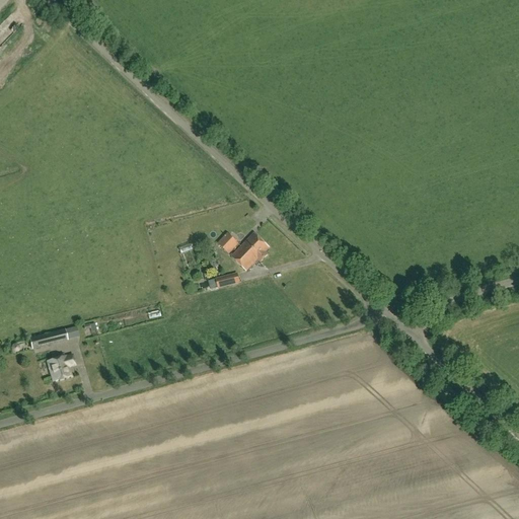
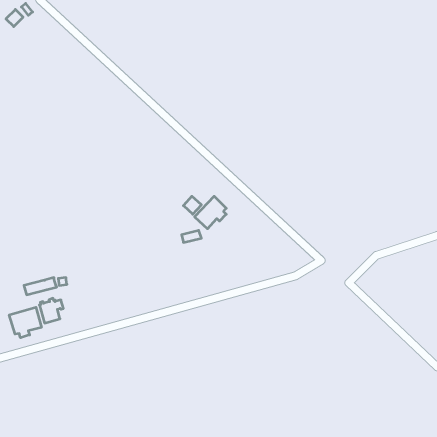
building: none -> [9,307,41,338]

